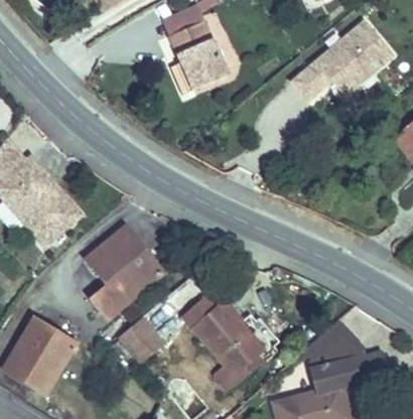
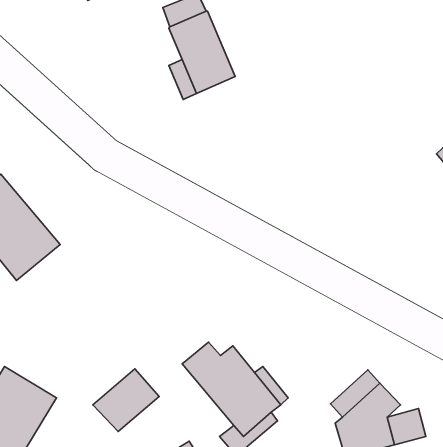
building: [291,20,393,99] -> none
building: [86,227,162,317] -> none

